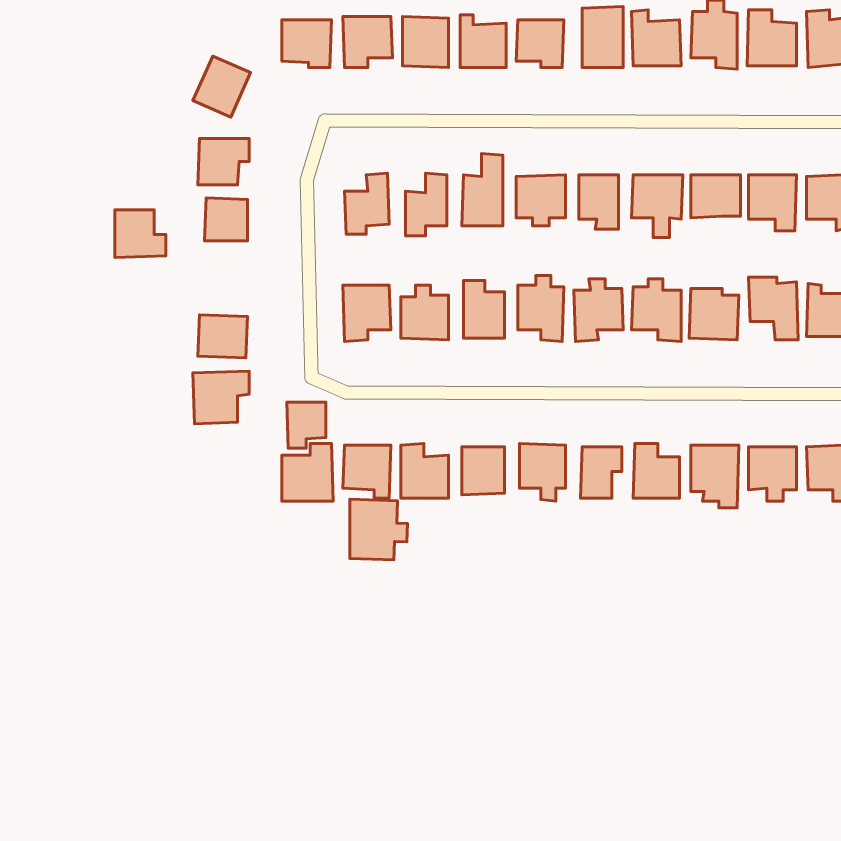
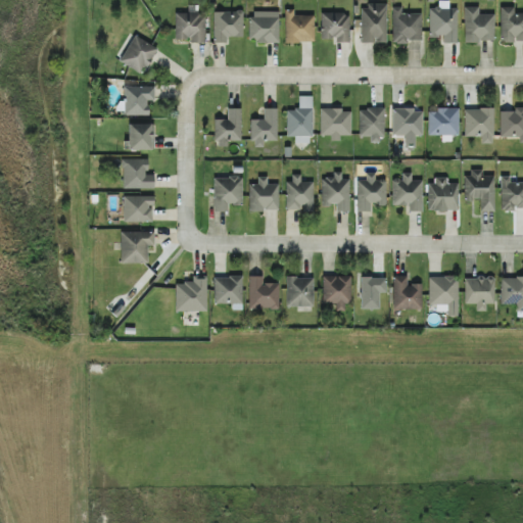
building: [115,210,166,258] -> [123,158,154,188]
building: [287,402,326,448] -> none
building: [350,499,407,560] -> none

